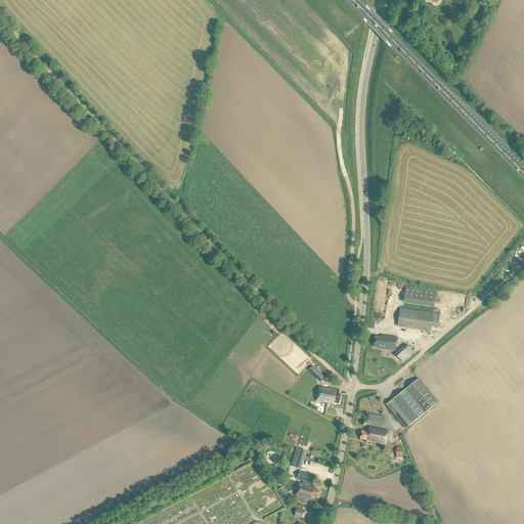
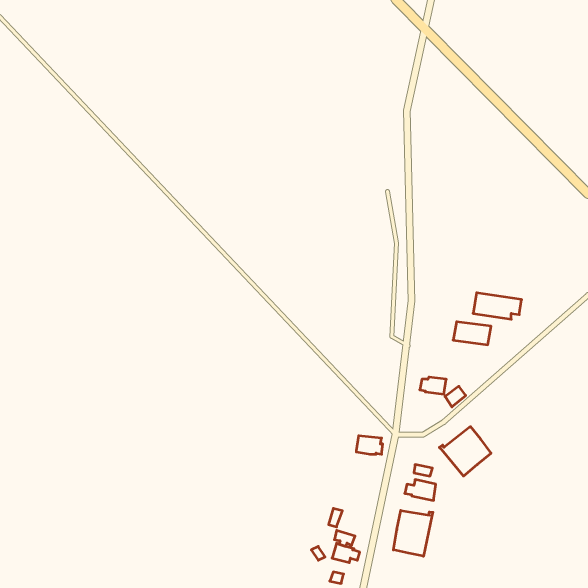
building: [396,307,439,331] -> [473,293,522,319]
building: none -> [393,510,433,556]

